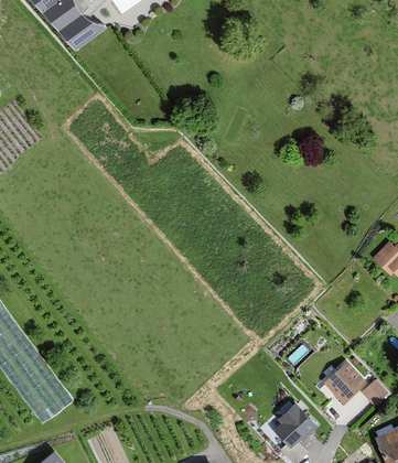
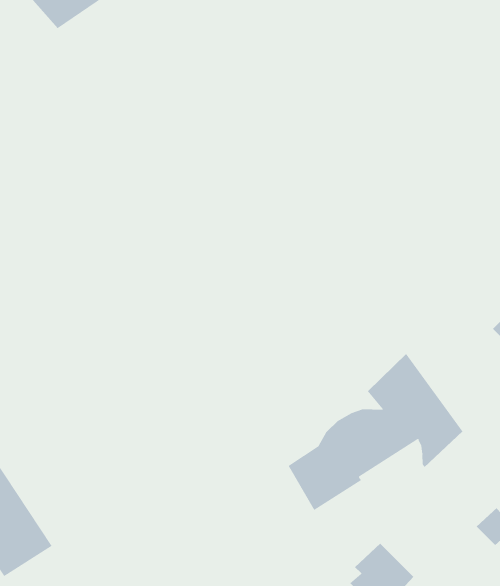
building: none -> [288,353,463,511]
building: [319,357,361,399] -> none

